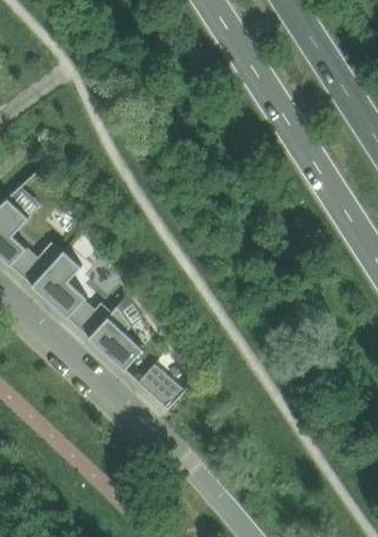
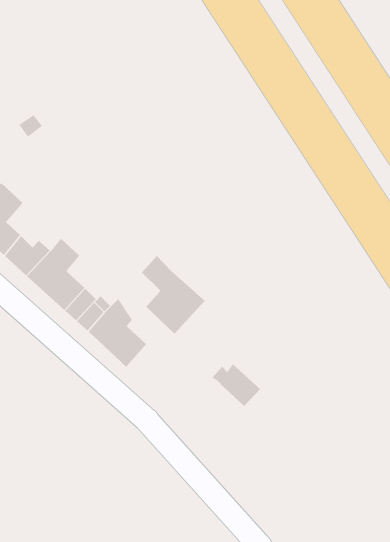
building: none -> [141,255,206,334]
building: [138,368,184,409] -> [212,363,261,407]

